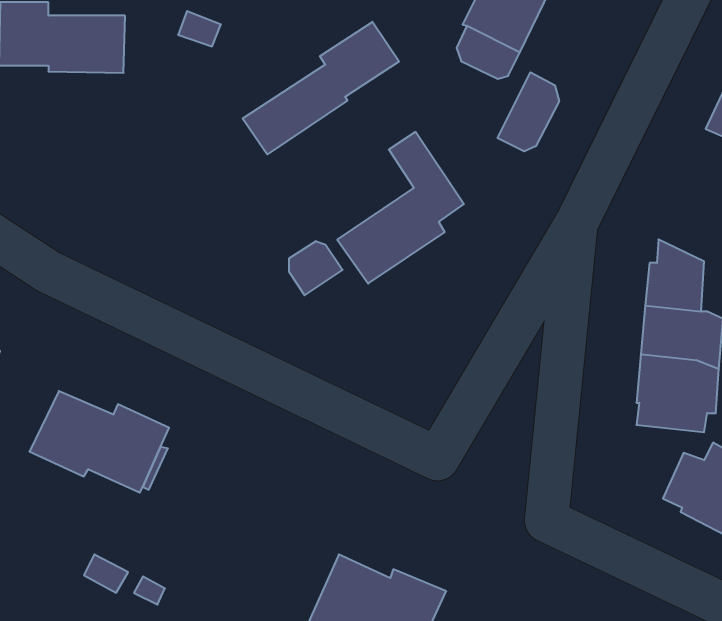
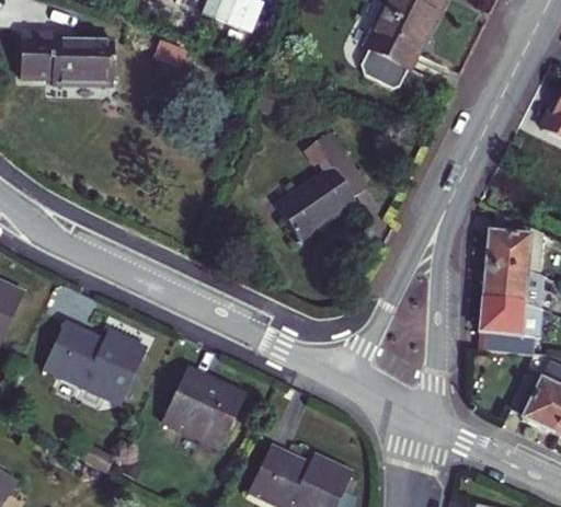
building: [243,22,399,154] -> none
building: [498,72,559,151] -> none
building: [289,241,343,295] -> none
building: none -> [161,368,242,448]

